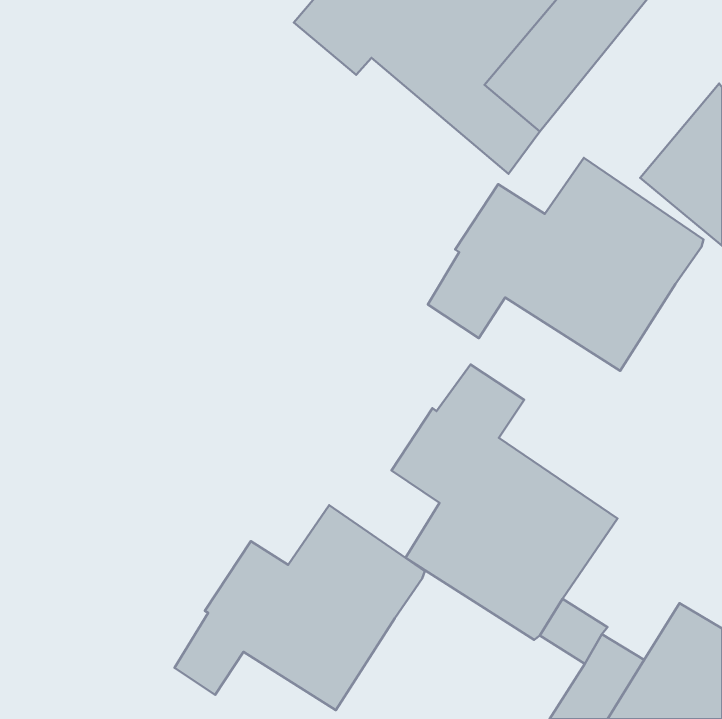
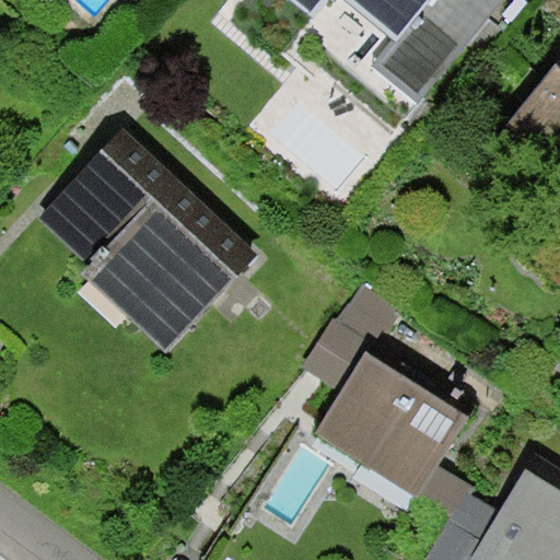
building: [428,158,703,371] -> none
building: none -> [40,128,259,351]
building: [174,505,425,710] -> none

